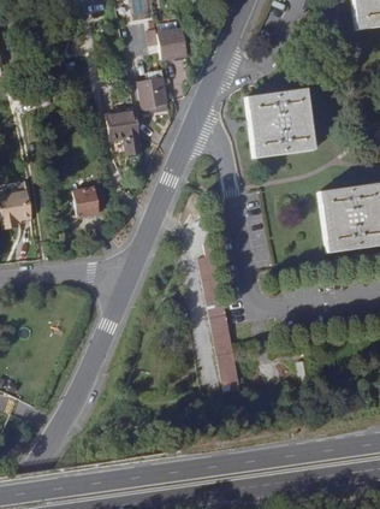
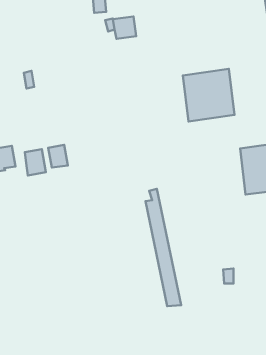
building: [136,73,170,107] -> none
building: [108,112,142,148] -> none
building: none -> [25,149,46,175]

